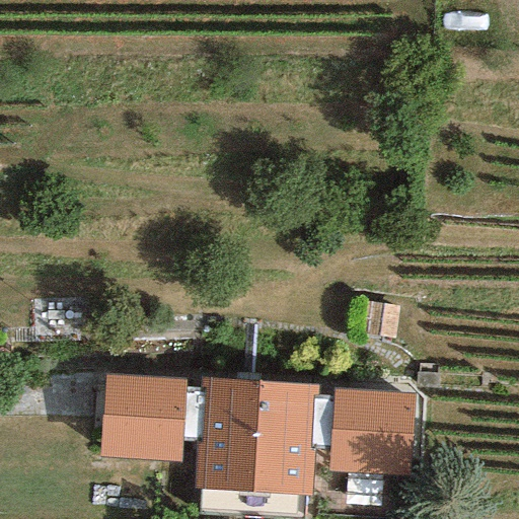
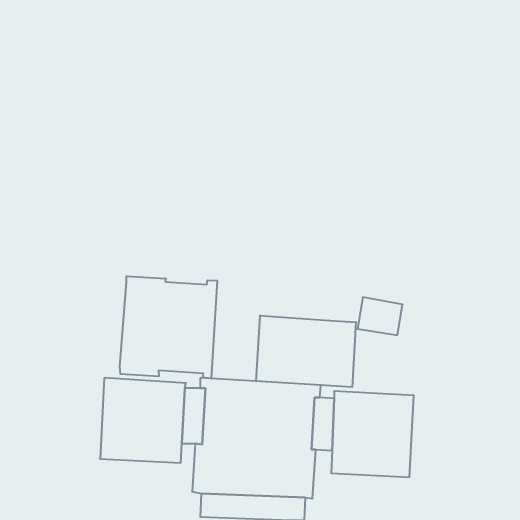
building: none -> [120,276,217,379]
building: none -> [256,315,356,387]

